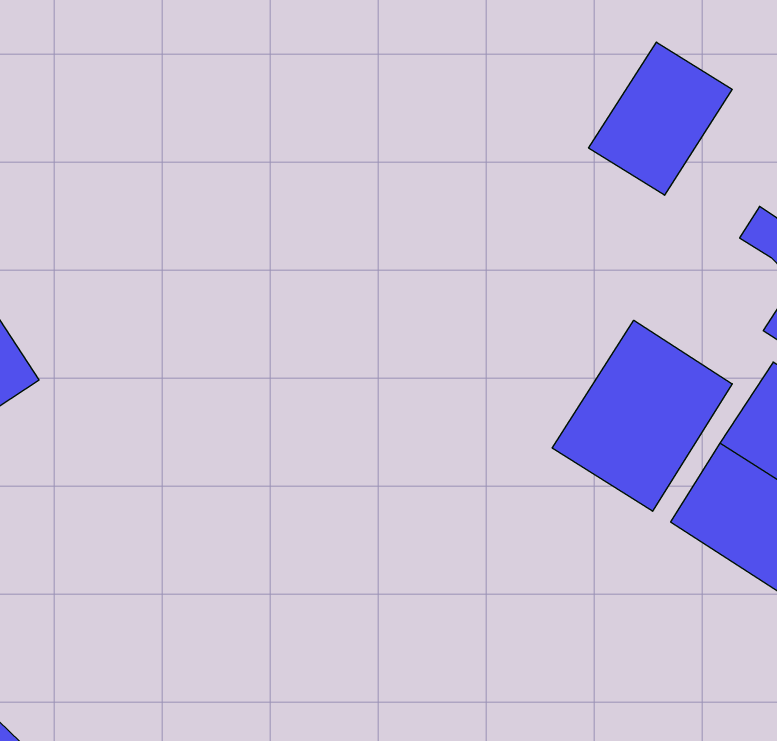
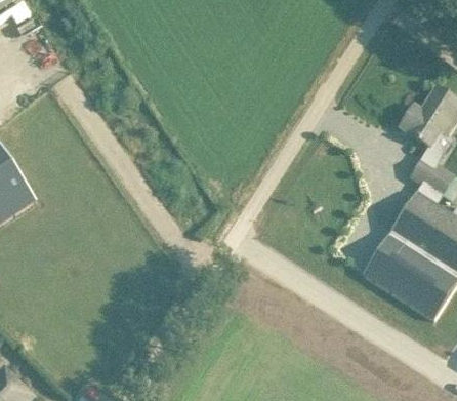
building: [589,42,732,195] -> none
building: [552,320,732,511] -> none

